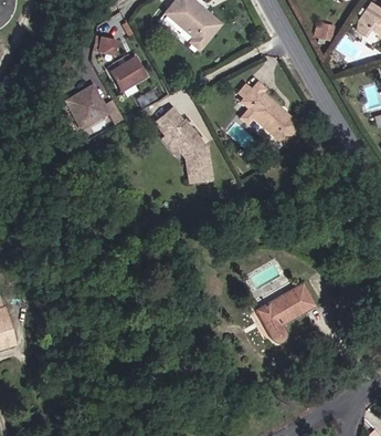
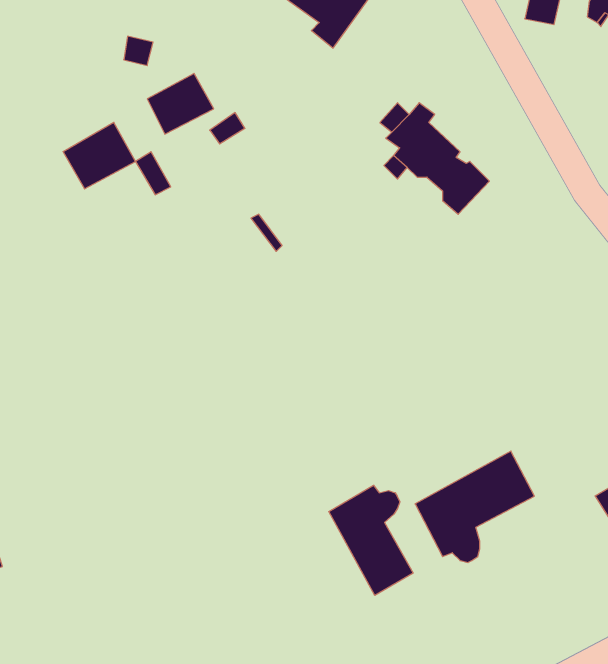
building: [154,106,214,183] -> none
building: none -> [329,485,413,595]

